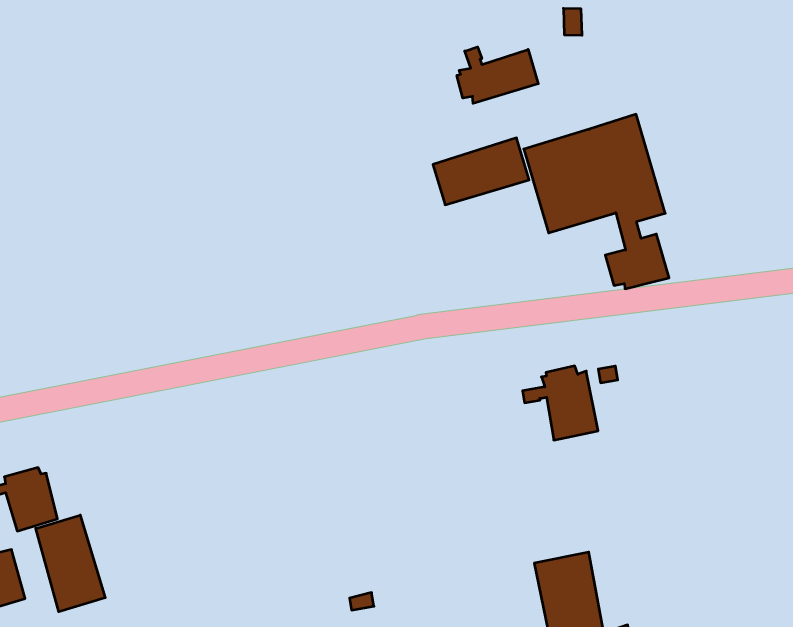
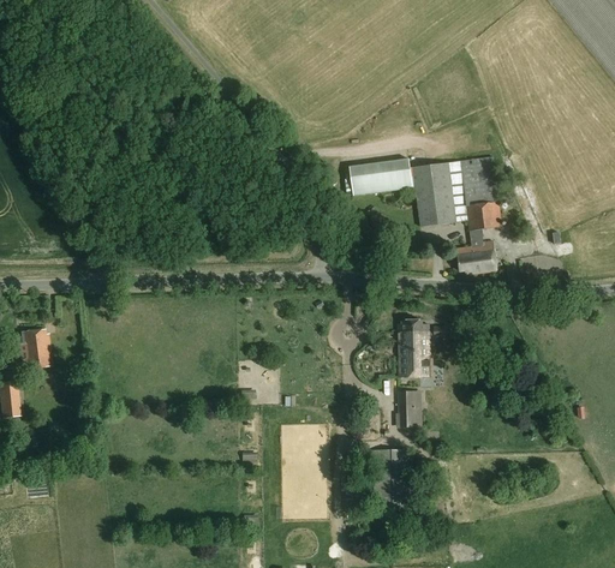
building: [457,47,538,103] -> none
building: none -> [394,391,422,428]
building: [36,515,105,612] -> none

